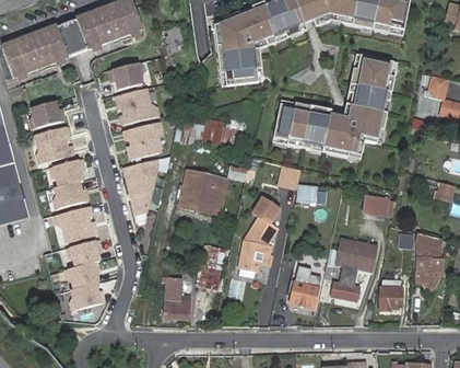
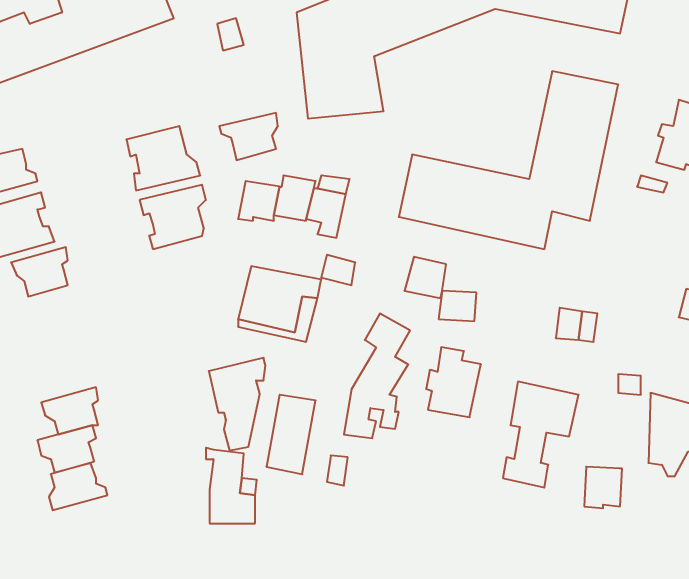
building: [109,62,143,90] -> [219,113,278,160]
building: [123,160,156,214] -> [209,358,265,450]
building: [51,182,86,209] -> none
building: [52,206,95,243] -> none
building: [291,267,322,308] -> [426,347,481,417]

